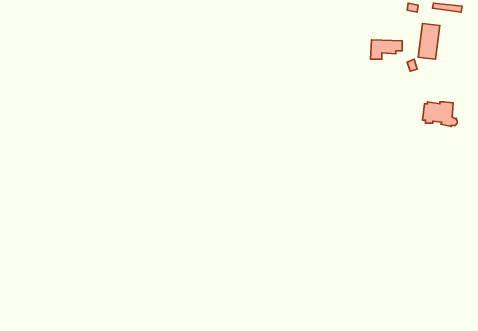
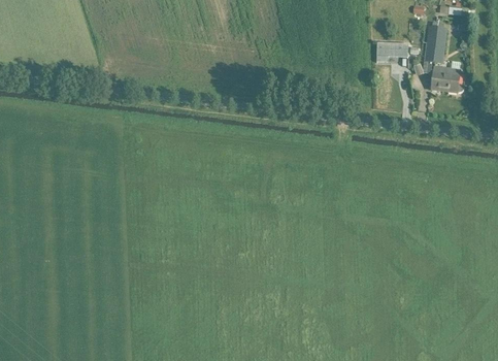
building: [423,102,457,126] -> [429,68,464,93]

